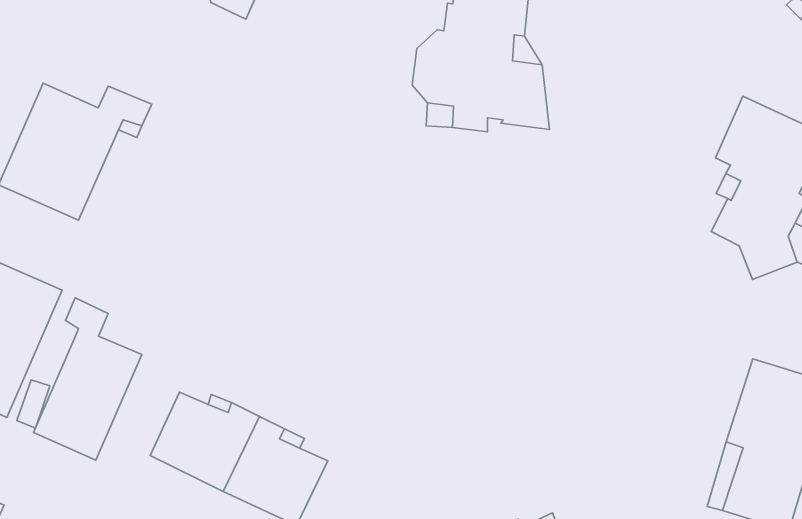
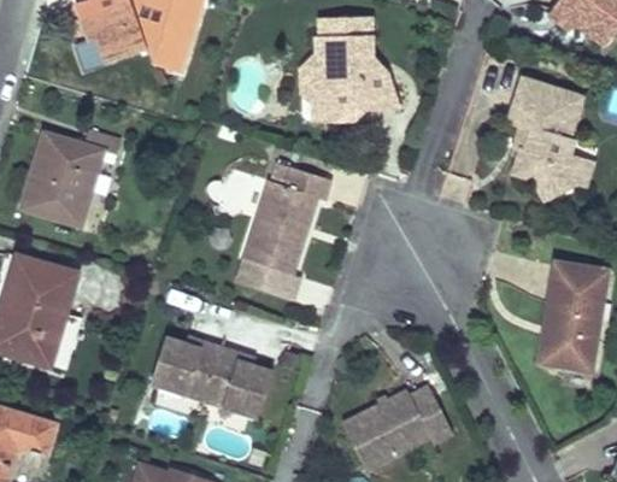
building: none -> [237,172,329,298]
building: [33,298,142,460] -> none

